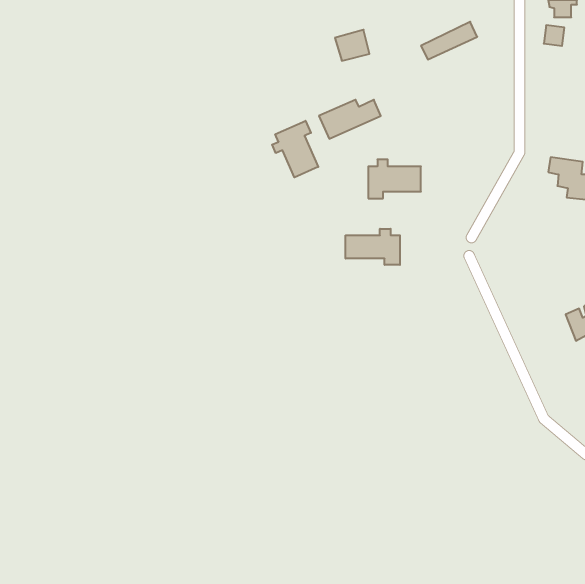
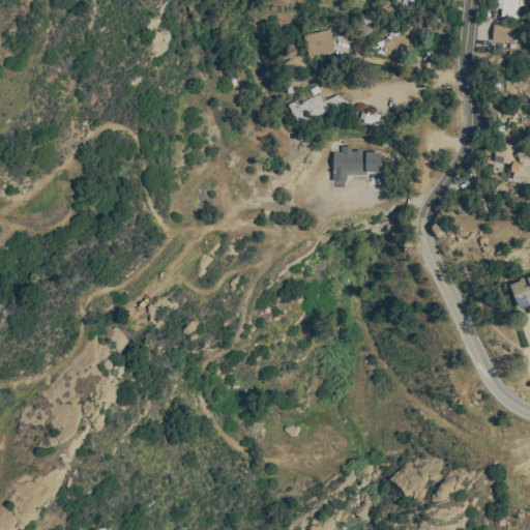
building: [272,121,318,177] -> none
building: [346,229,400,265] -> none

